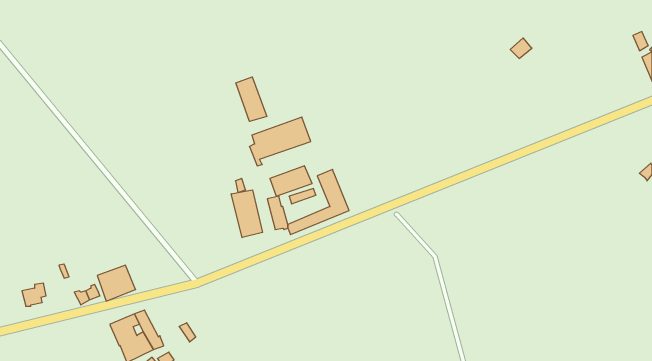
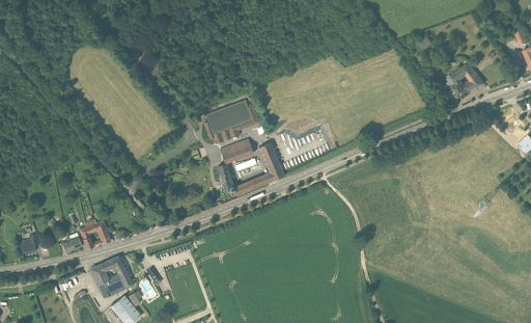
building: none -> [443,63,484,98]
building: [236,77,267,121] -> none
building: [231,190,263,238] -> none

